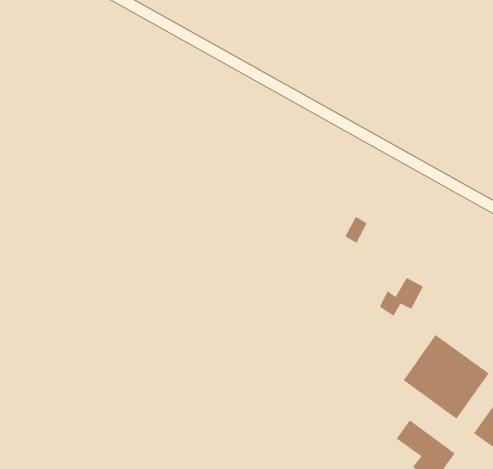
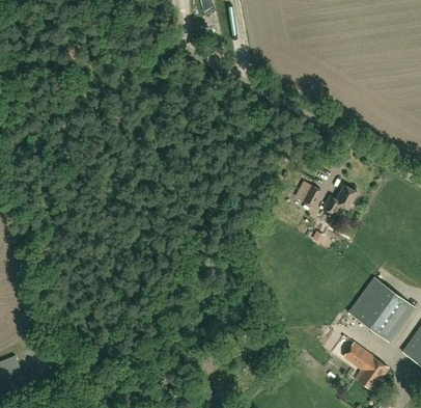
building: [379,277,424,316] -> [324,185,358,215]

